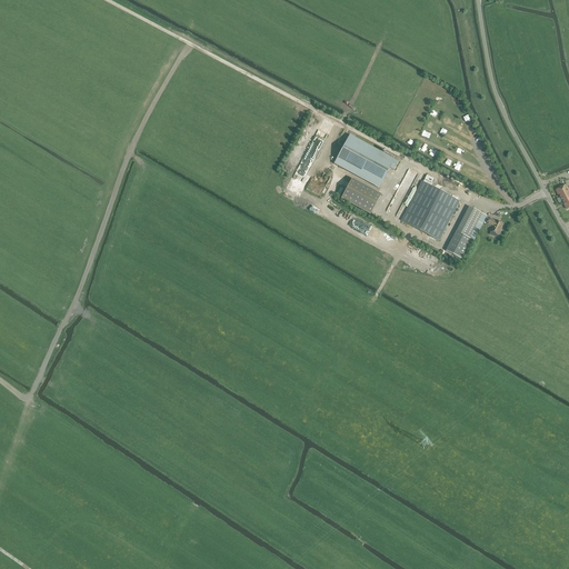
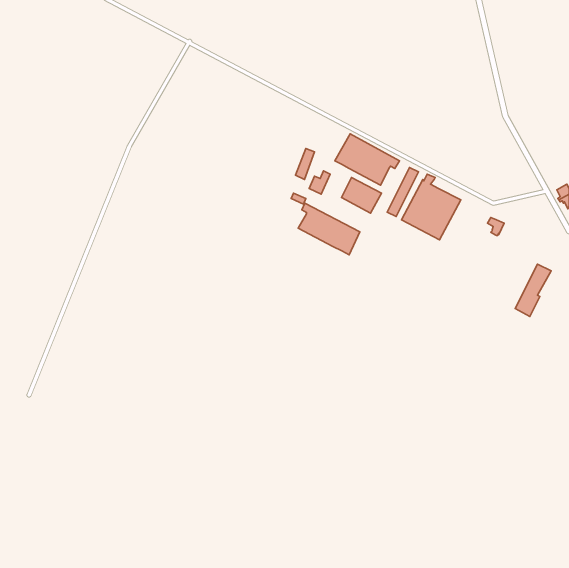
building: none -> [298,203,360,255]
building: [446,204,481,257] -> [515,264,551,316]

